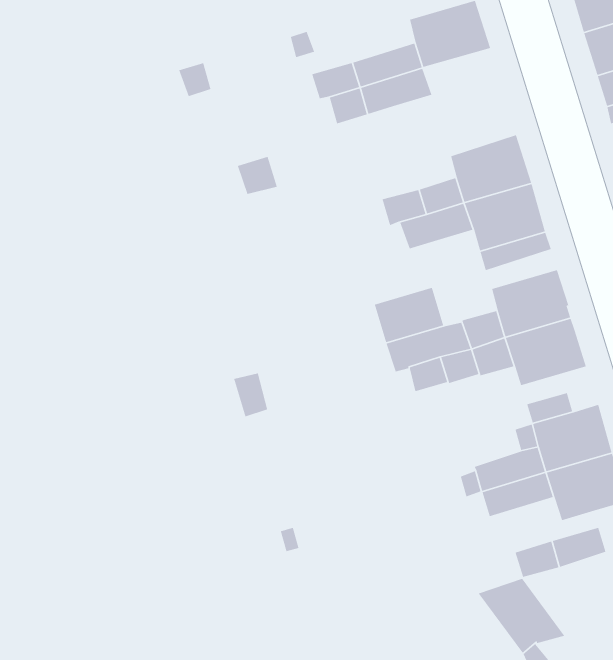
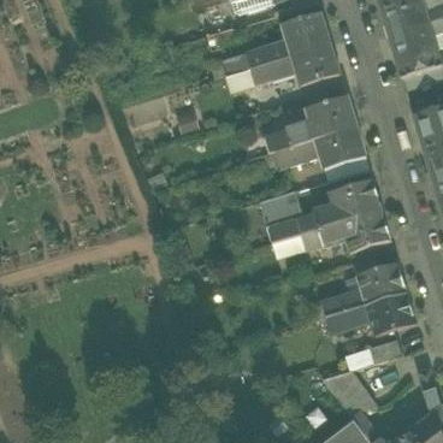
building: none -> [289,43,339,85]

